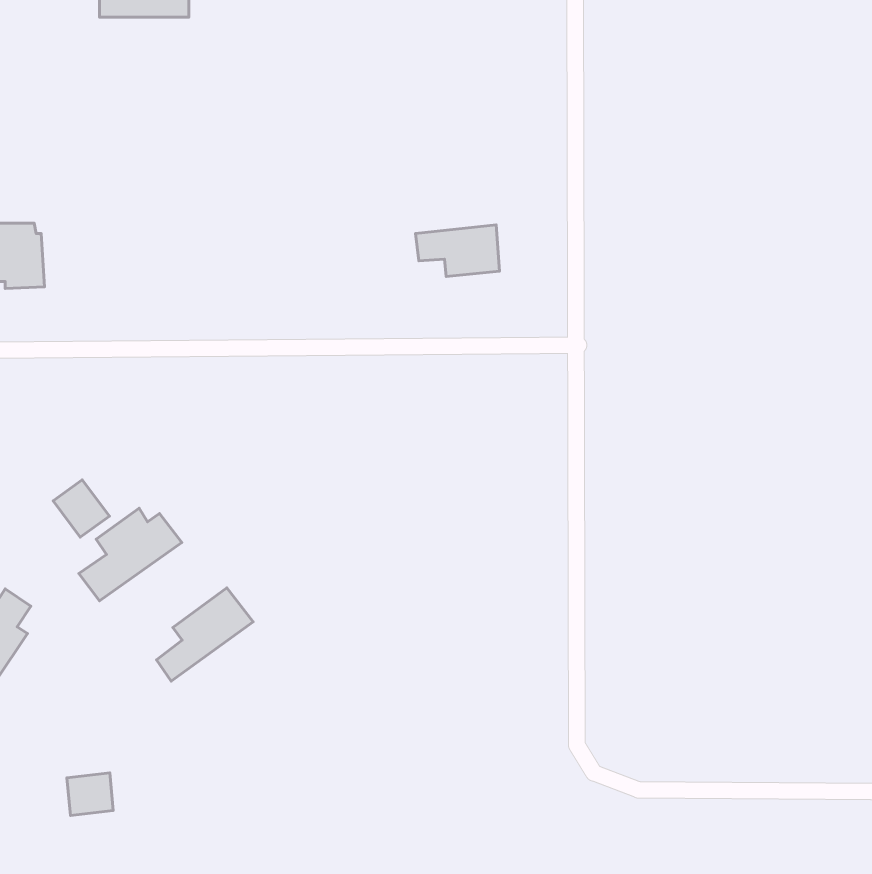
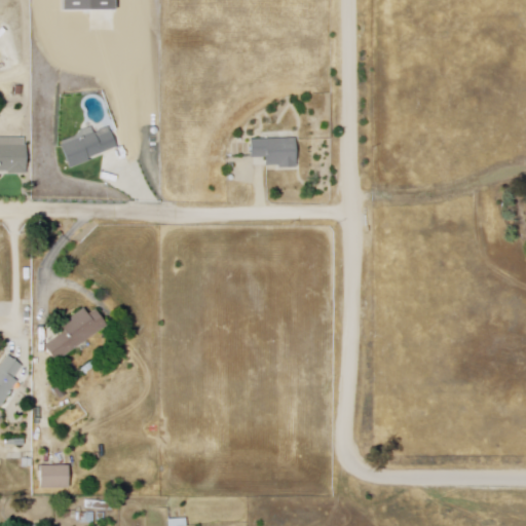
building: none -> [54,123,118,170]
building: [53,480,110,537] -> none
building: [157,588,253,681] -> none

